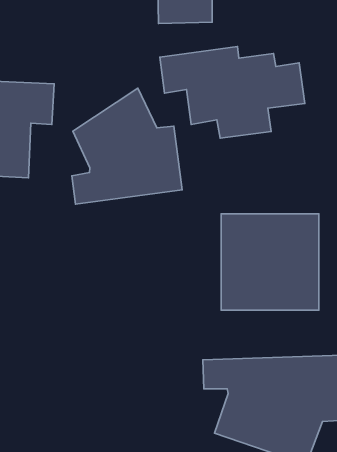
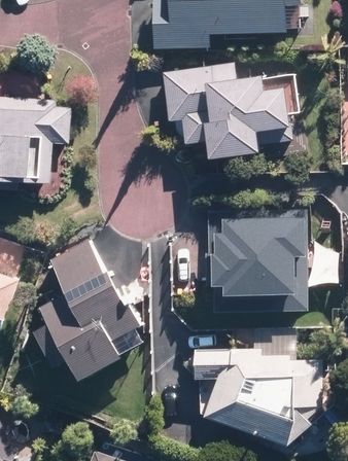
building: [72,88,182,204] -> none
building: none -> [33,242,148,376]

